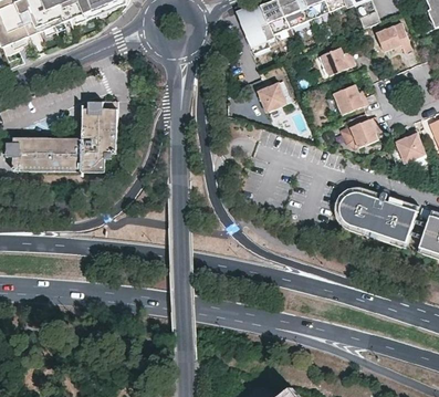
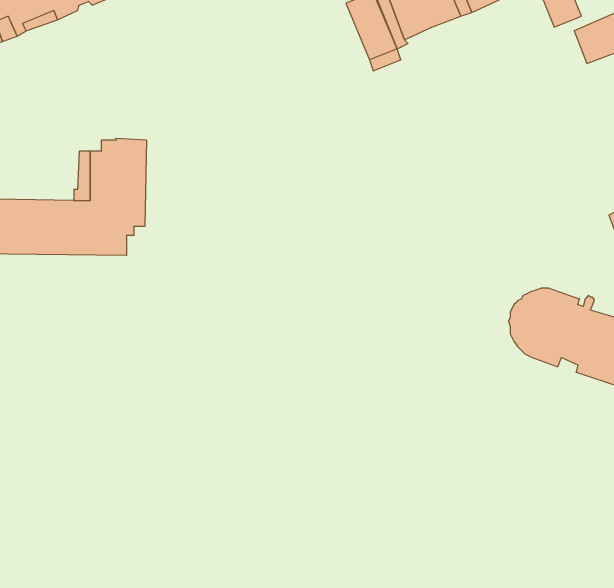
building: [320,44,354,75] -> none
building: [255,79,288,109] -> none
building: [333,83,367,113] -> none
building: [347,114,379,146] -> none

